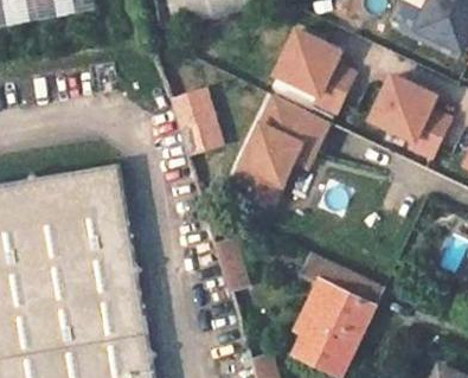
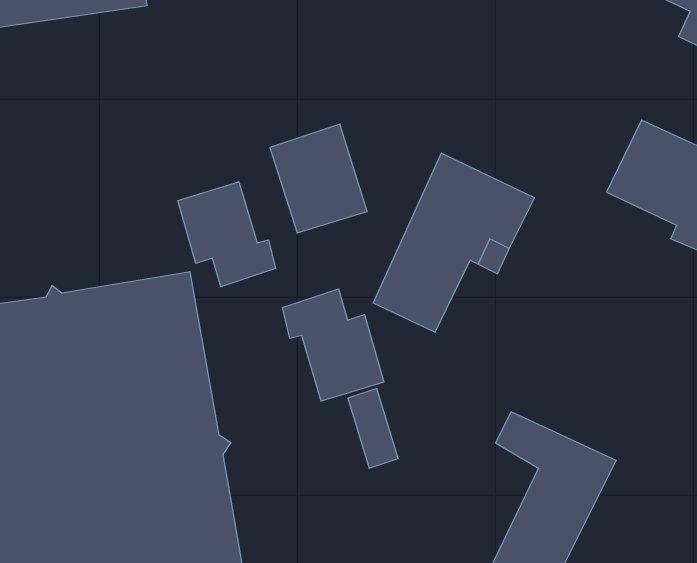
building: [277,33,357,114] -> none
building: none -> [178,182,276,287]
building: none -> [282,289,384,401]

